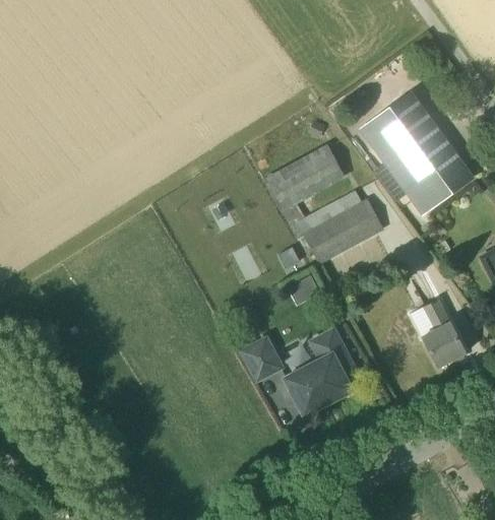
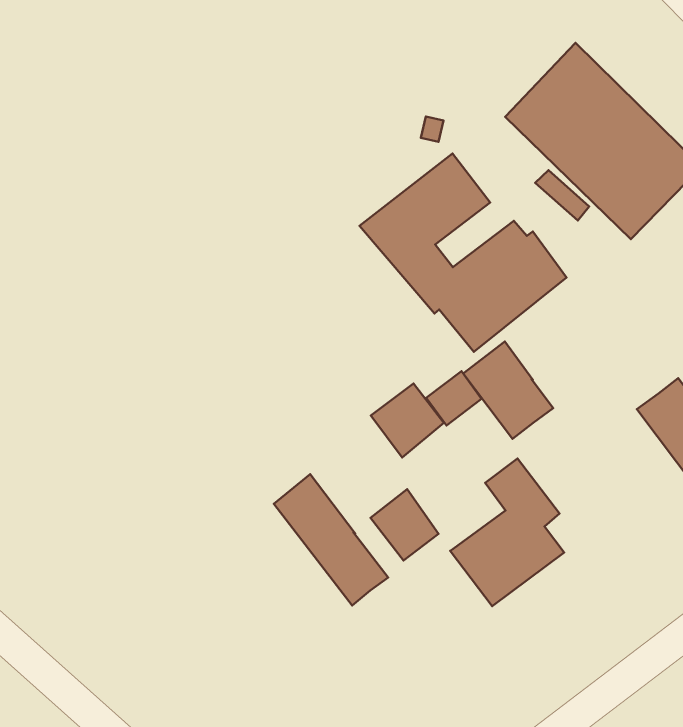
building: none -> [463,341,553,439]
building: none -> [371,383,444,458]
building: none -> [274,474,388,605]

